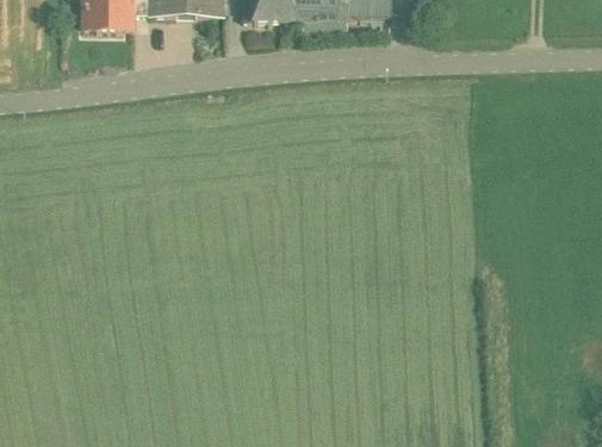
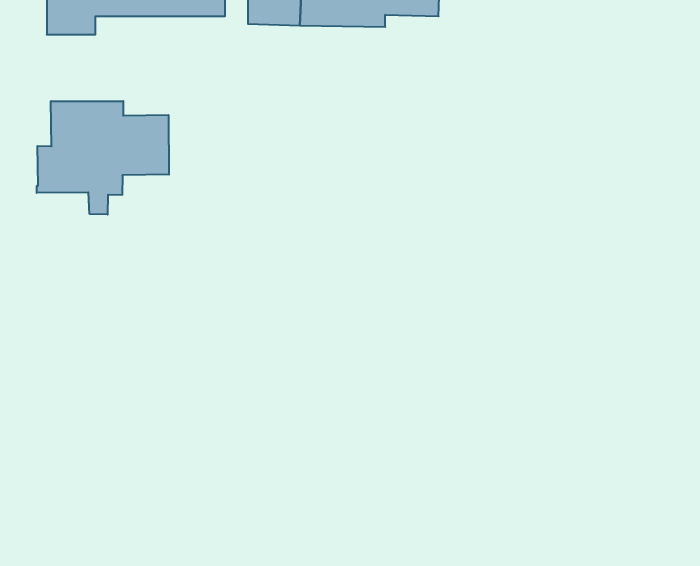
building: none -> [37,101,169,215]

